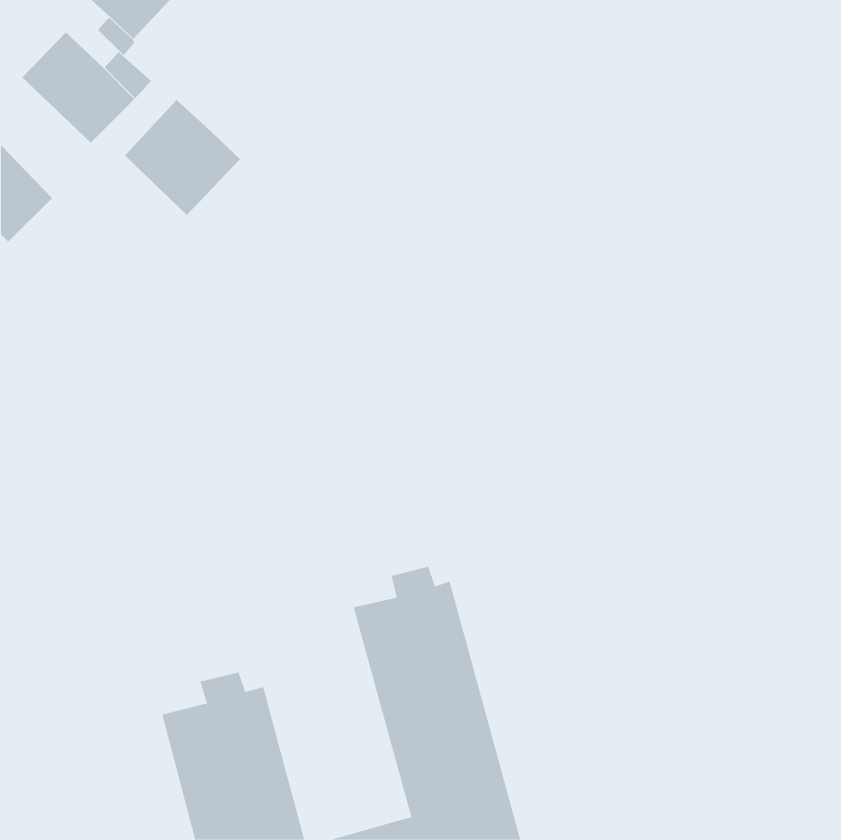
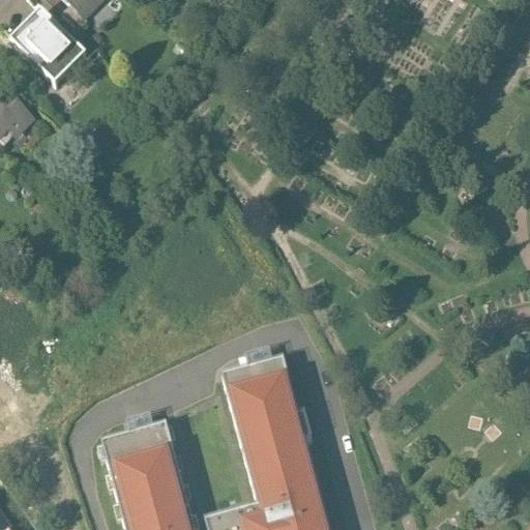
building: [124,99,241,216] -> none

